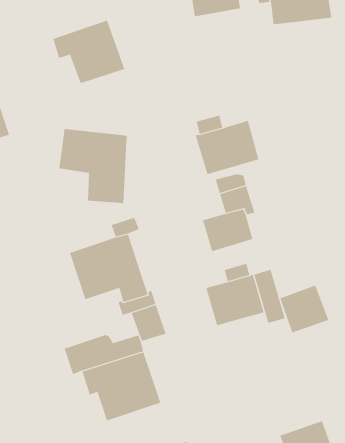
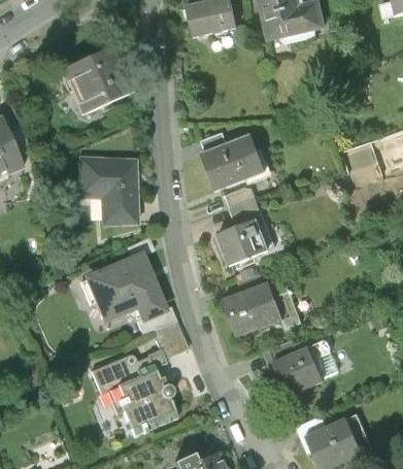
building: [280,285,329,333] -> [273,347,323,396]

